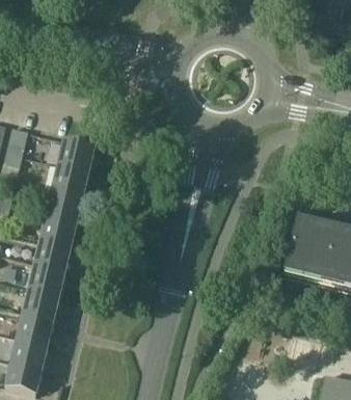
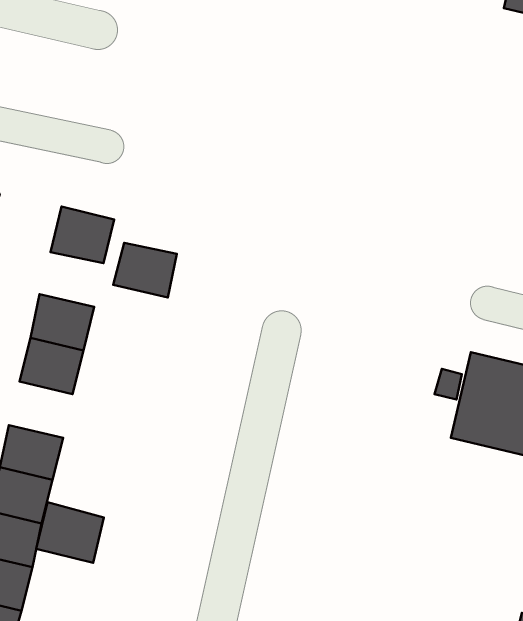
building: [51,164,87,195] -> [113,243,177,297]
building: [33,238,70,270] -> none
building: none -> [36,502,104,563]

